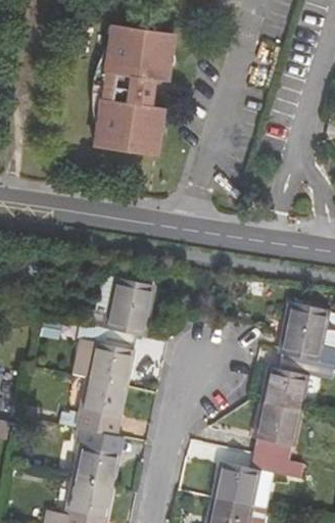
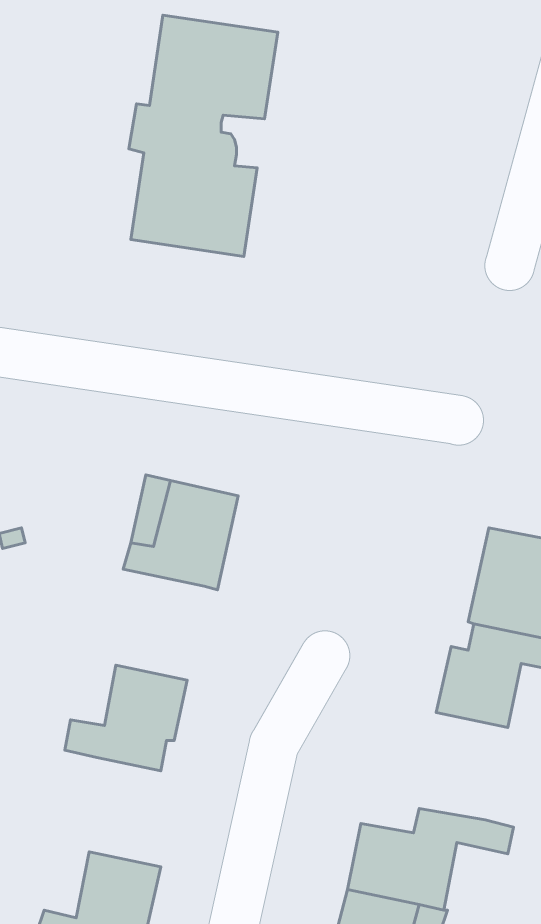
building: [74,322,136,385] -> none
building: [252,402,300,461] -> none
building: [74,427,119,486] -> none

